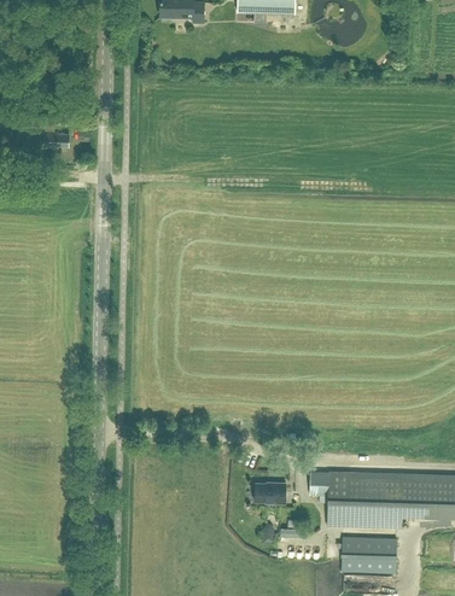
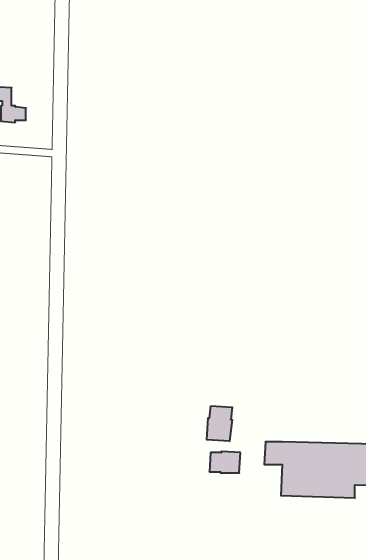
building: none -> [207,406,232,441]
building: [342,537,396,572] -> none

